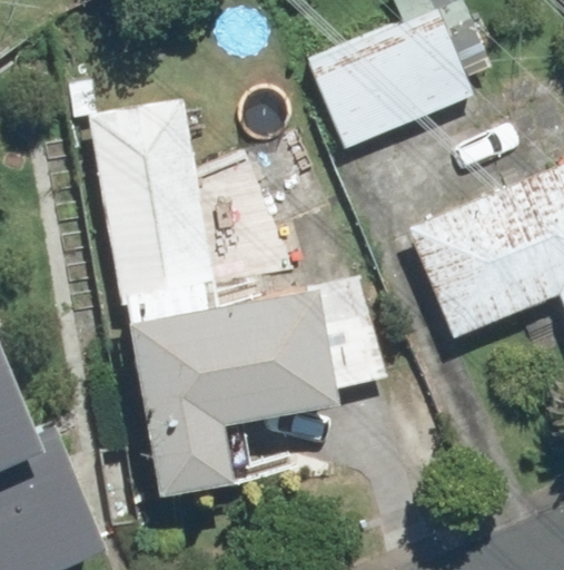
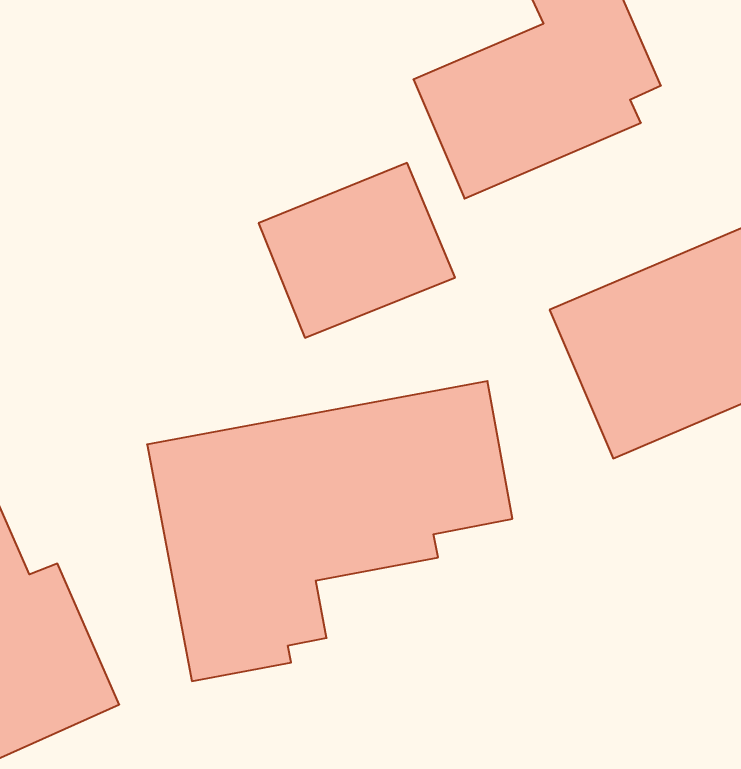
building: [86,98,215,308] -> none

